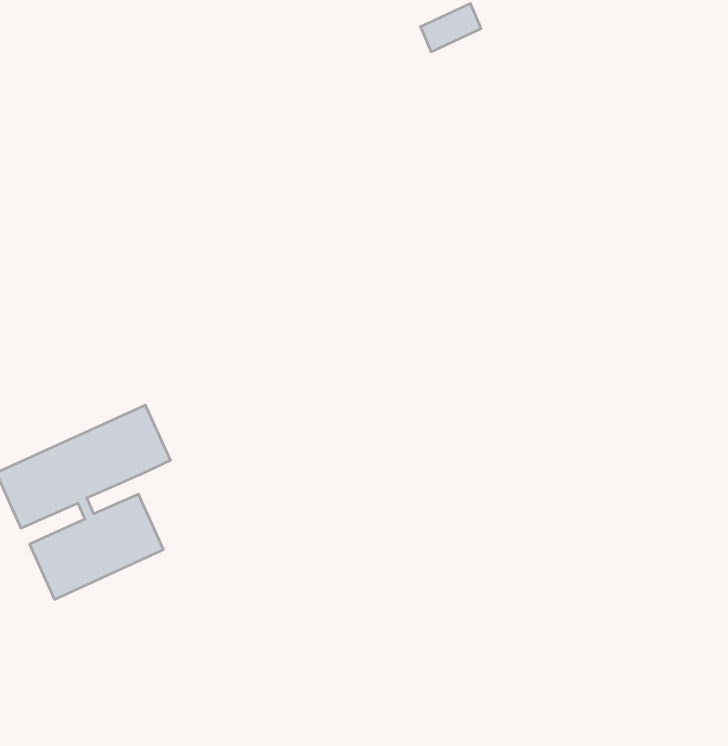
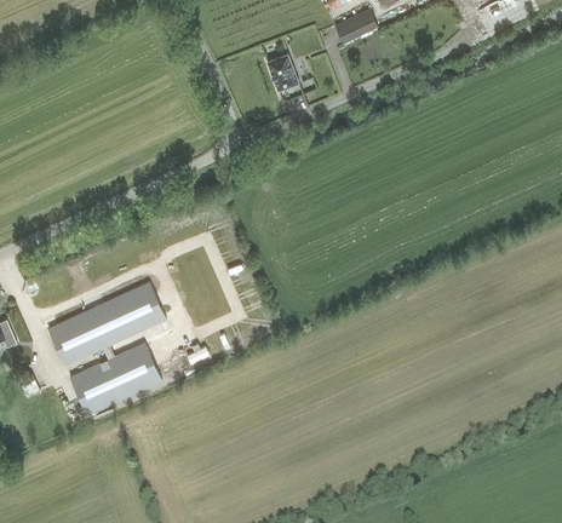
building: none -> [266,53,298,90]

